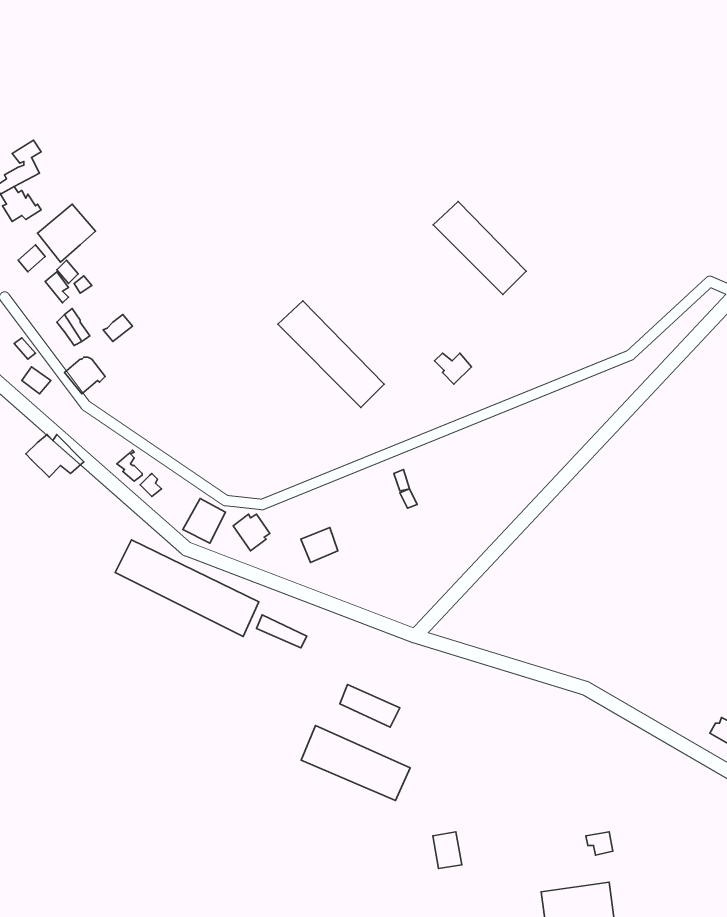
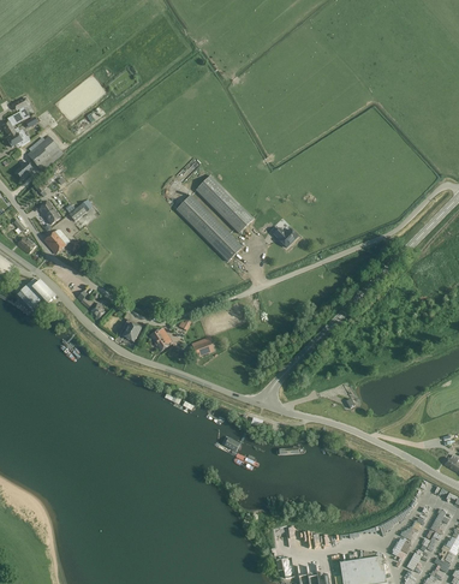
building: [433,201,526,294] -> [195,174,252,232]
building: [115,540,259,637] -> none
building: [301,726,410,800] -> none

